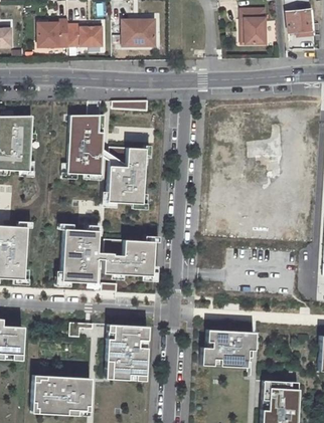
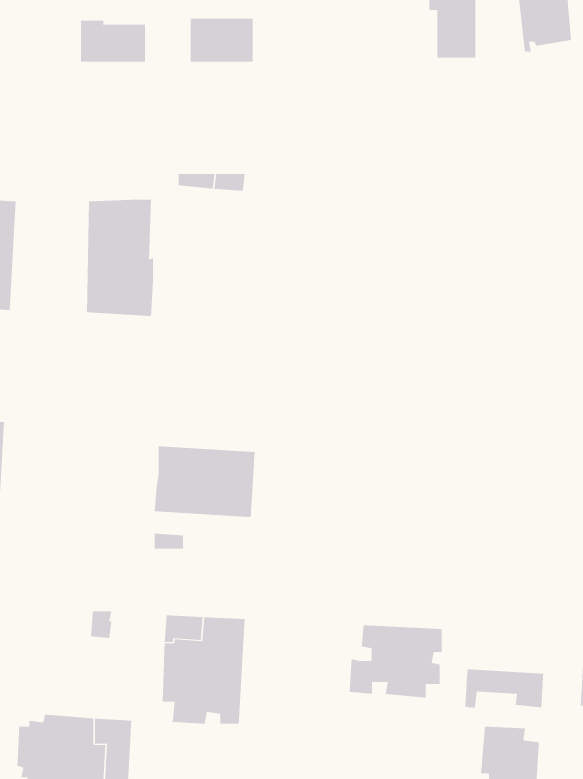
building: [35,19,65,46] -> none
building: [107,146,145,203] -> none
building: [62,229,99,282] -> none
building: none -> [465,669,544,709]

